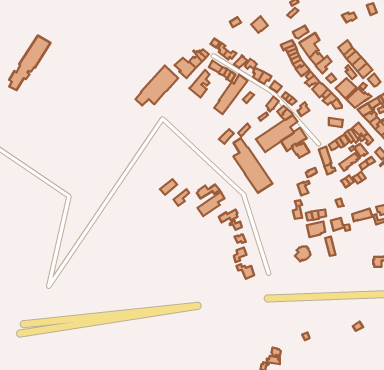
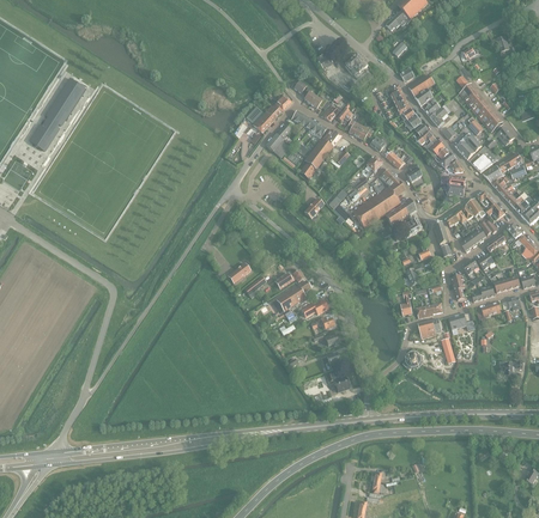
building: [136,65,178,106] -> none
building: [233,138,273,193] -> none

